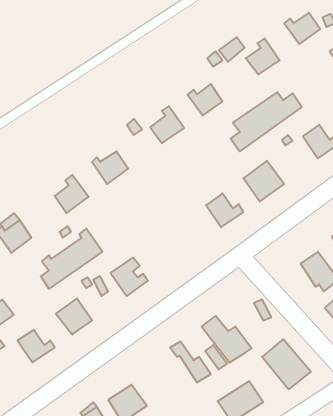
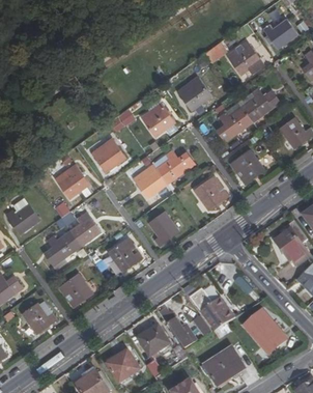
building: none -> [132,148,192,196]
building: none -> [148,210,177,244]
building: none -> [135,322,168,355]

